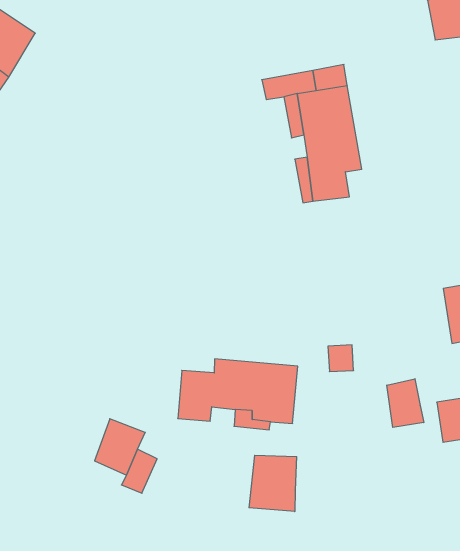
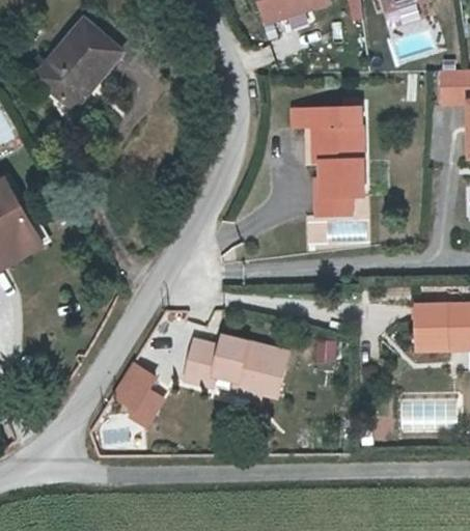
building: [387,379,424,427] -> none
building: [249,455,297,512] -> none

